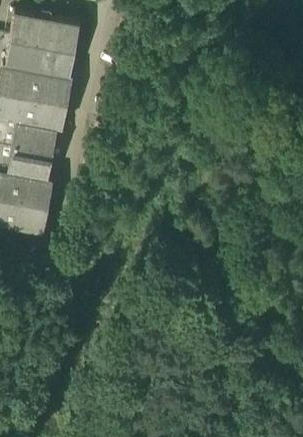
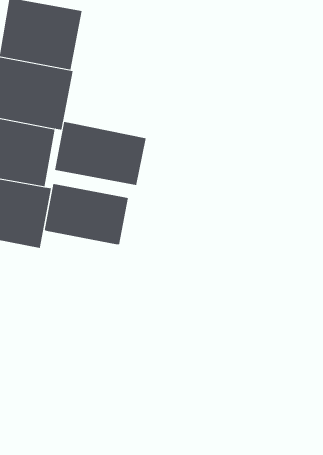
building: none -> [55,121,147,186]
building: none -> [44,183,128,245]

